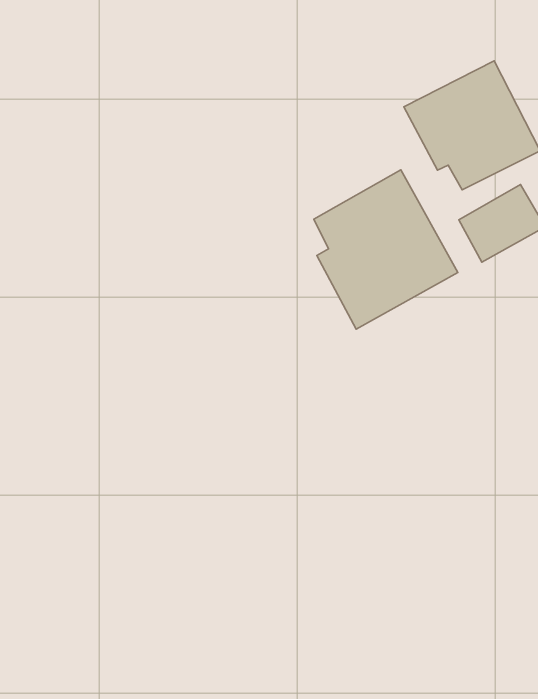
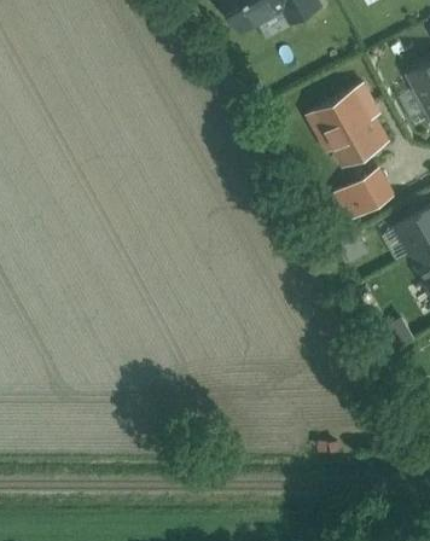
building: [314,170,458,329] -> none

